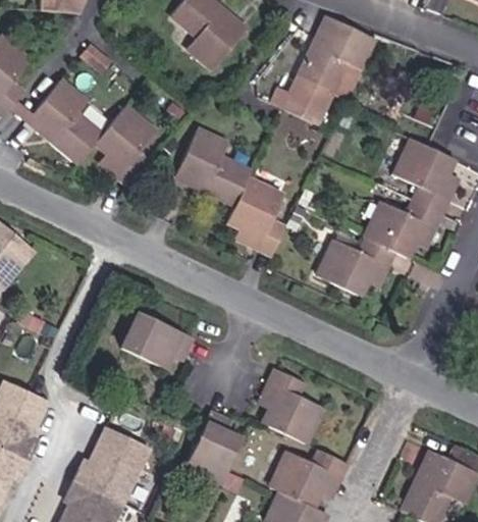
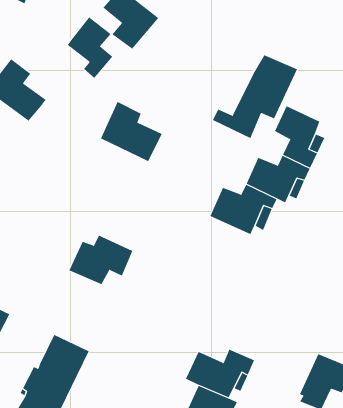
building: [261,19,369,125] -> [212,55,298,139]
building: [93,104,151,182] -> [67,16,113,79]
building: [221,184,282,254] -> none
building: [270,372,334,441] -> none
building: [190,409,253,483] -> none

